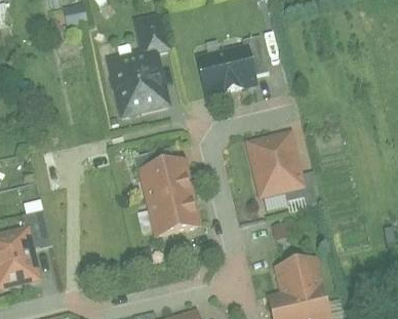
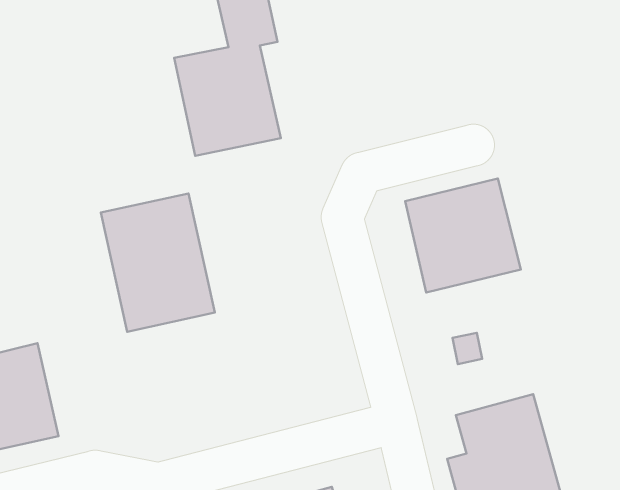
building: [194,44,260,94] -> none
building: [135,156,202,237] -> [101,193,215,332]

